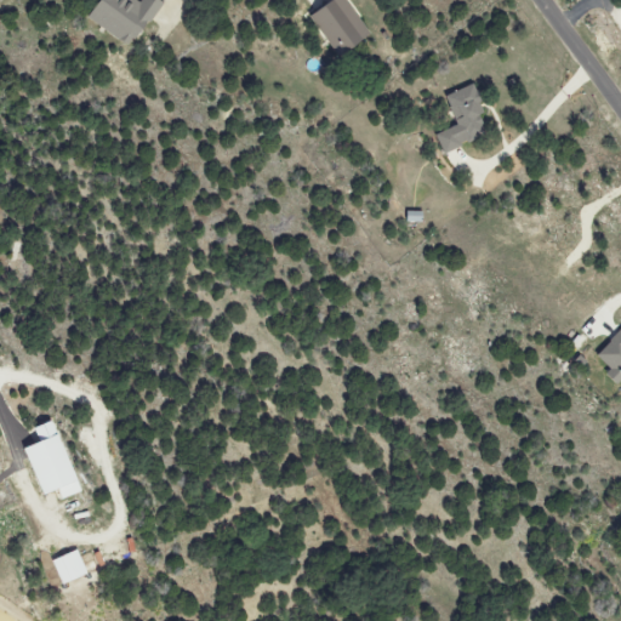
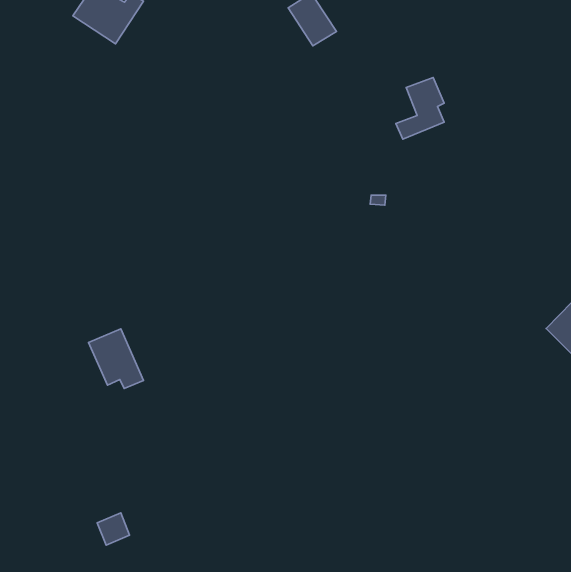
building: [29,434,89,498] -> [88,329,143,388]
building: [56,549,91,585] -> [97,513,130,545]

